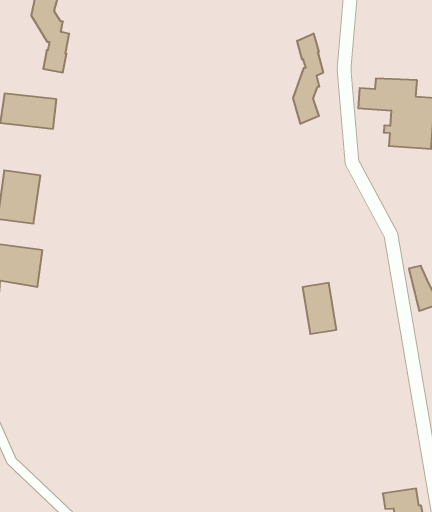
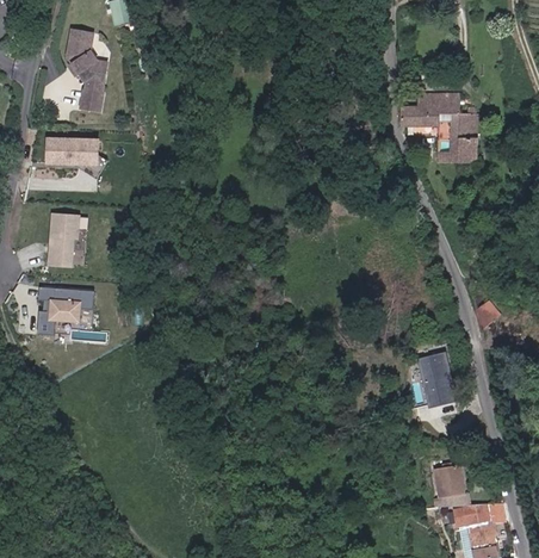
building: [293,33,323,124] -> none
building: [303,283,336,334] -> [417,355,454,408]
building: none -> [434,465,464,497]

